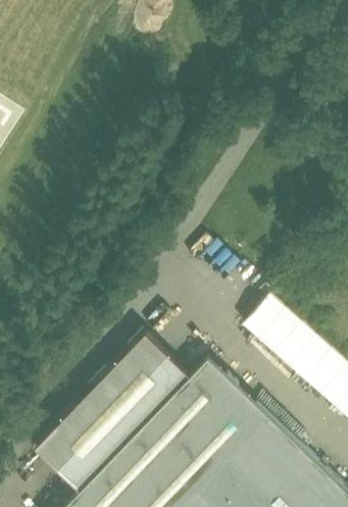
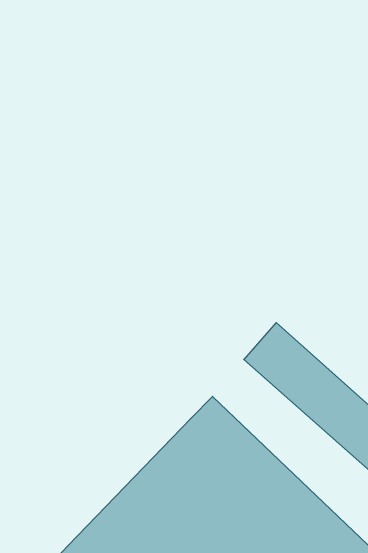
building: [38,334,190,488] -> none

